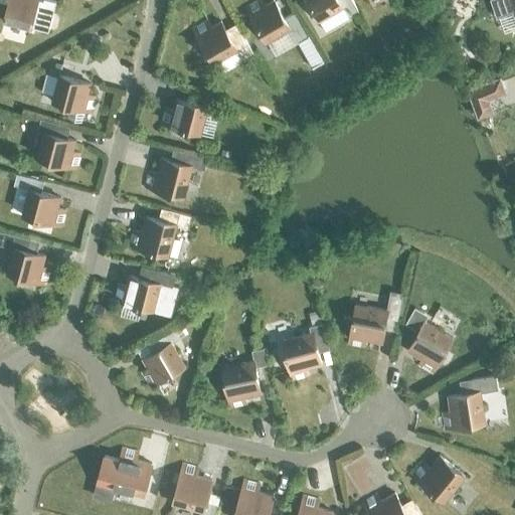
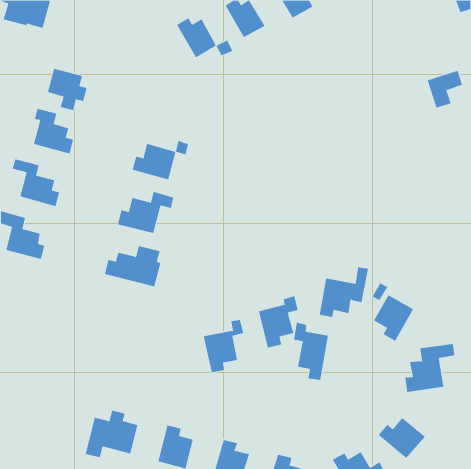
building: [160,102,207,136] -> none
building: [136,325,185,388] -> none
building: none -> [293,322,329,381]

